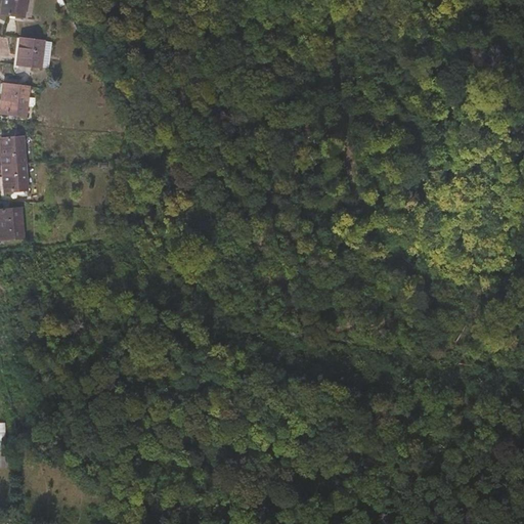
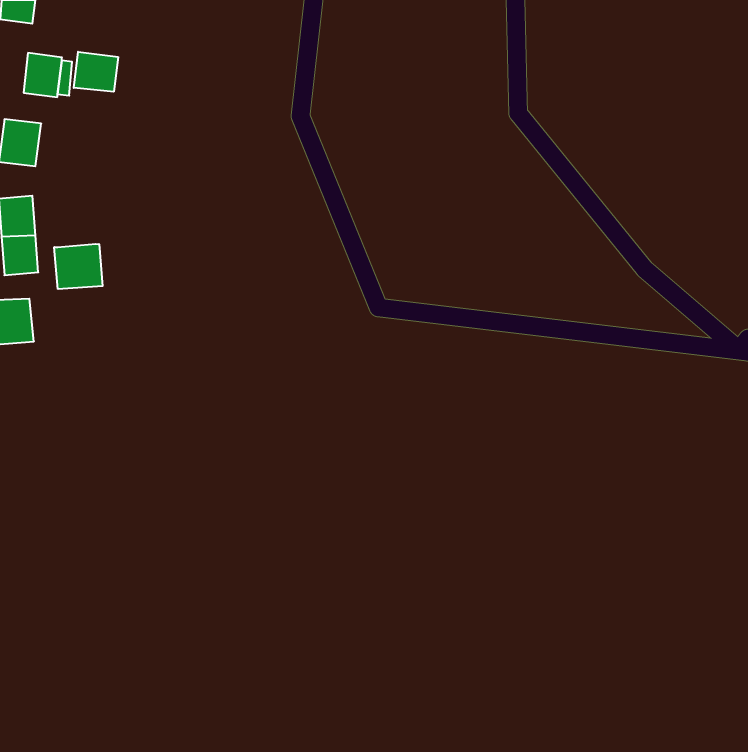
building: none -> [74,52,118,92]
building: none -> [54,244,103,289]

